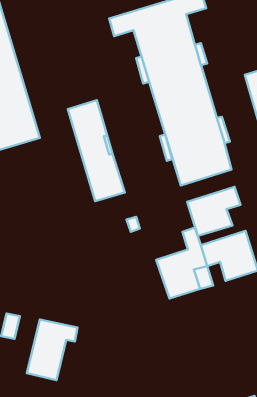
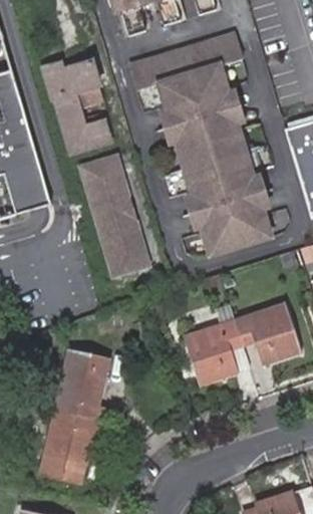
building: none -> [45,60,111,151]
building: [187,187,241,236] -> none
building: none -> [51,349,98,417]

